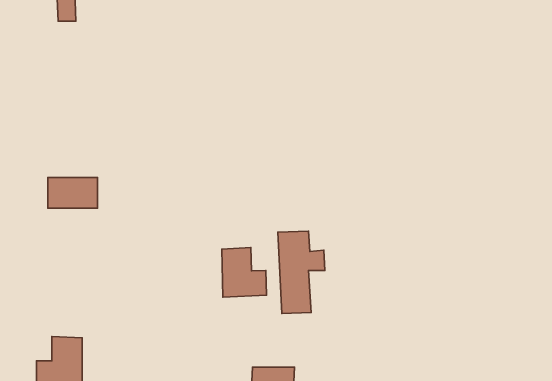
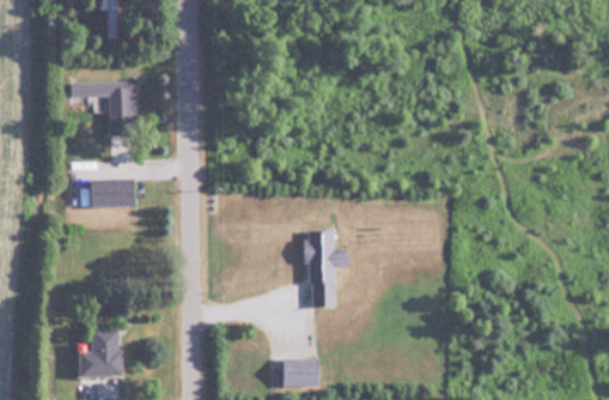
building: none -> [69,81,136,134]
building: [222,248,266,297] -> none

